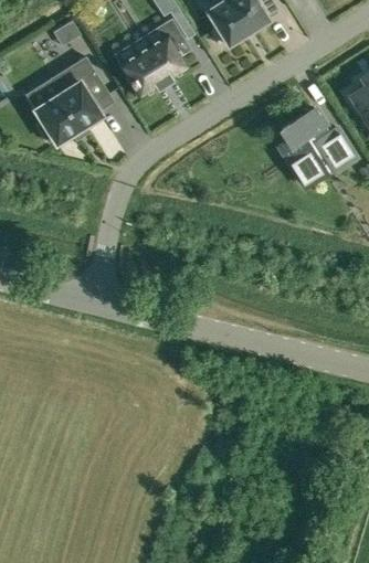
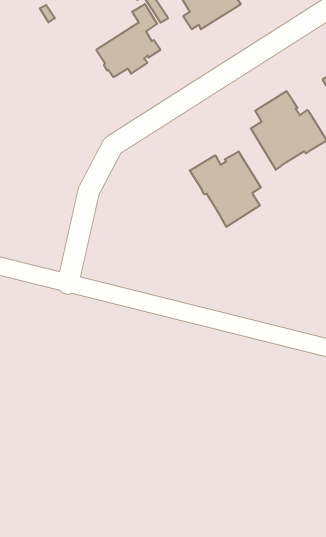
building: [34,55,108,141] -> none
building: none -> [190,151,261,227]

